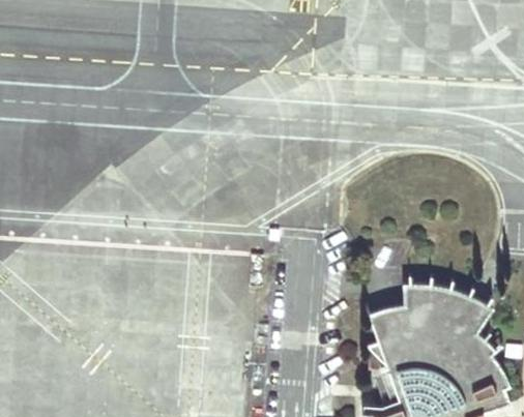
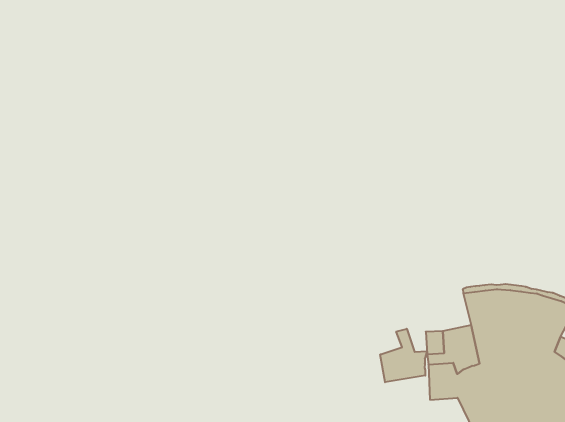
building: none -> [380,329,427,382]

